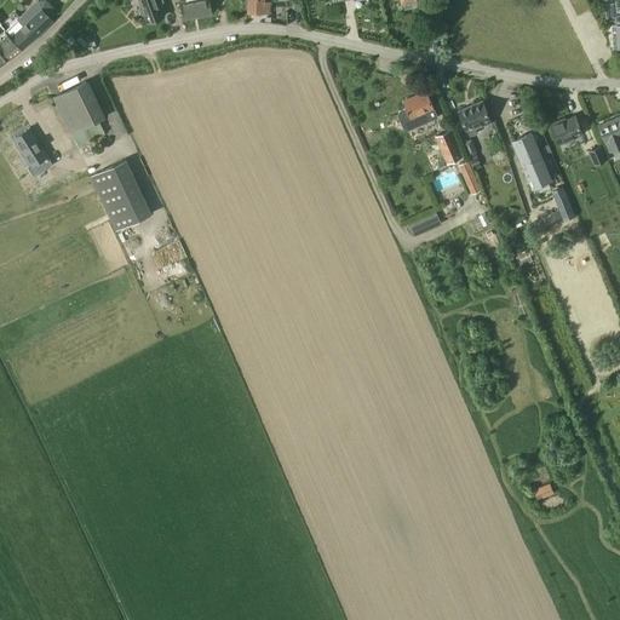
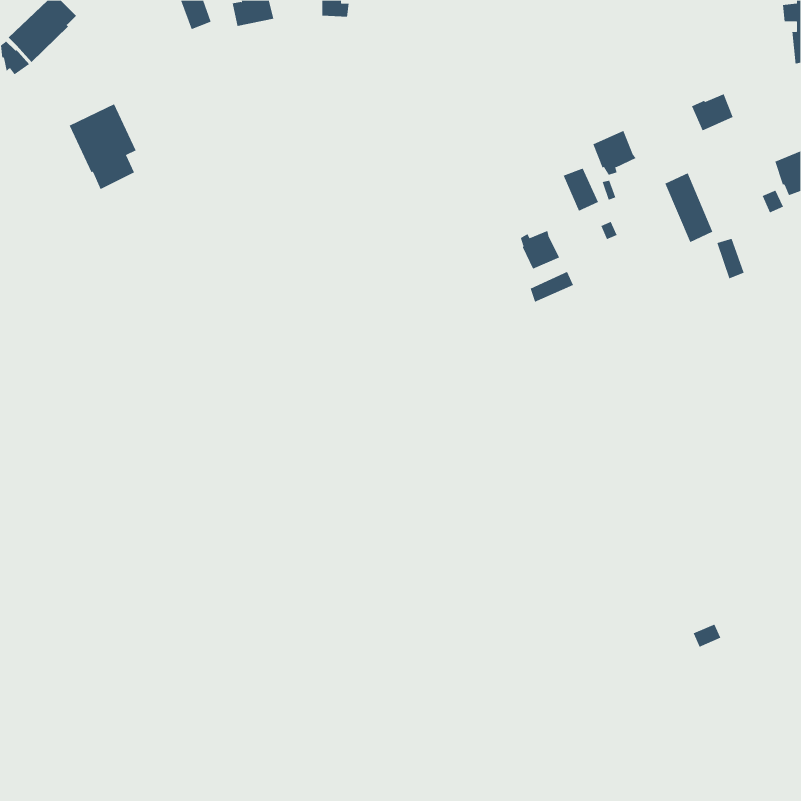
building: [398,91,437,131] -> none
building: [550,115,582,144] -> [691,94,733,131]
building: [13,127,52,176] -> none
building: [90,159,151,231] -> none
building: none -> [520,230,560,270]

